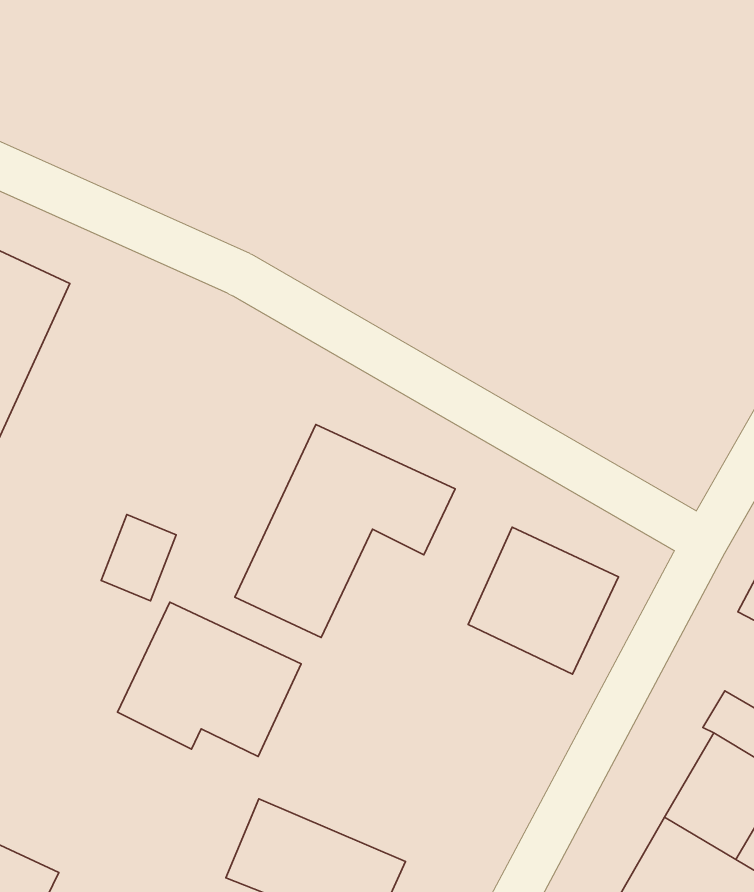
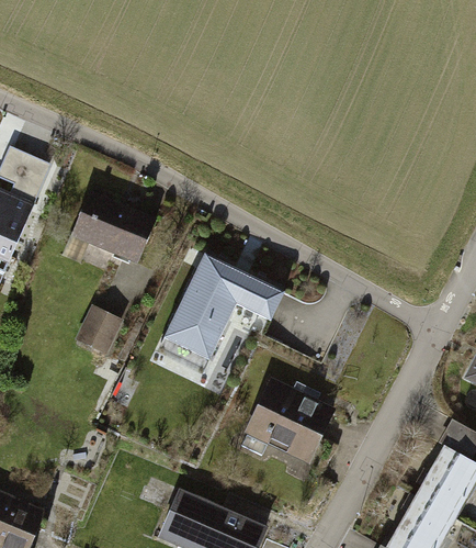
building: none -> [72,197,155,270]
building: [468,527,619,674] -> [246,380,336,468]
building: [117,602,301,757] -> none

